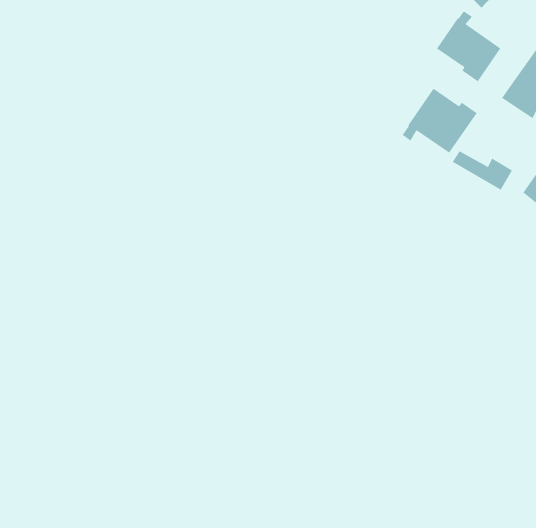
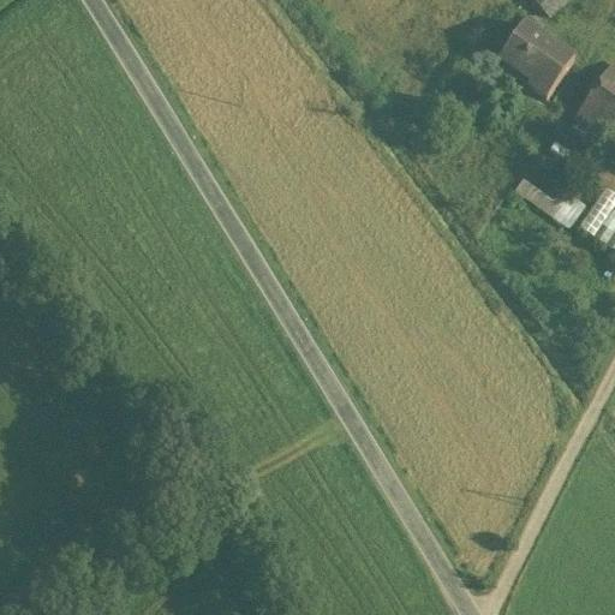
building: [402,88,477,154] -> none

